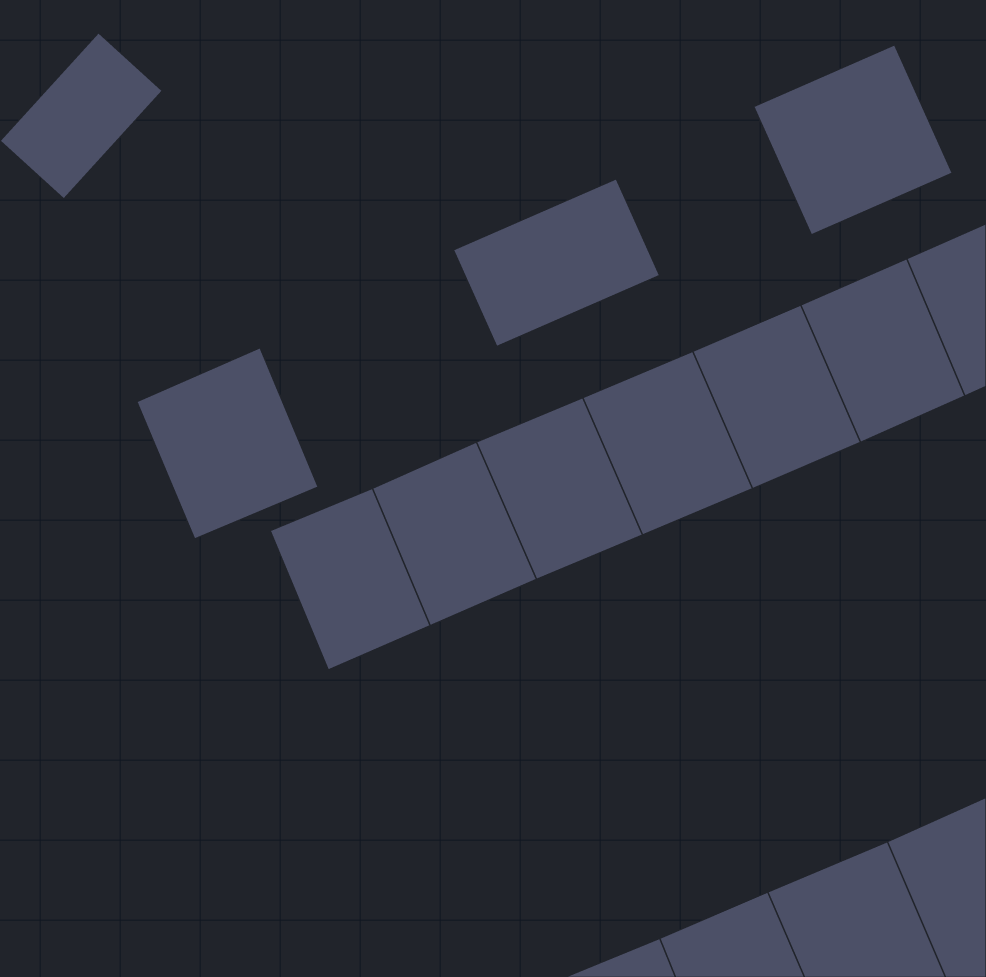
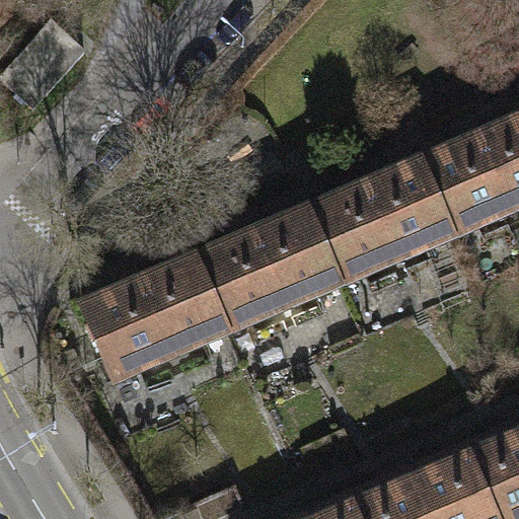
building: [754,45,952,235] -> none
building: [454,179,659,347] -> none
building: [137,348,318,539] -> [77,279,172,379]

